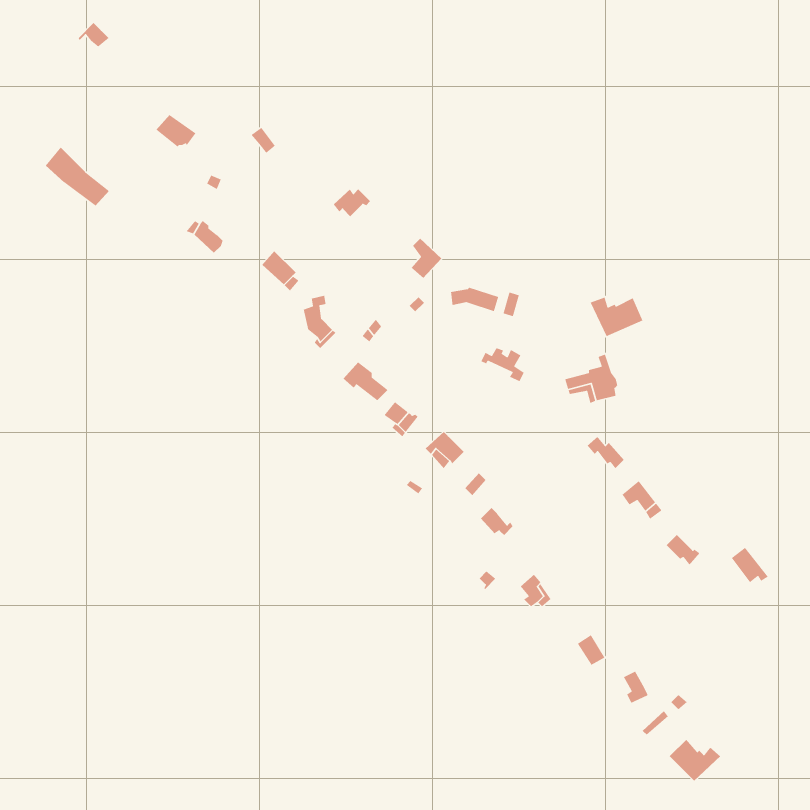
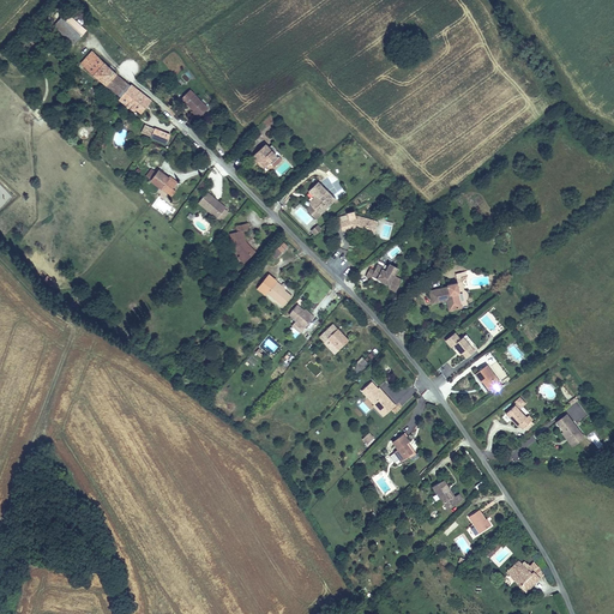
building: [45,146,110,207] -> [79,53,128,98]
building: [589,296,644,337] -> none

